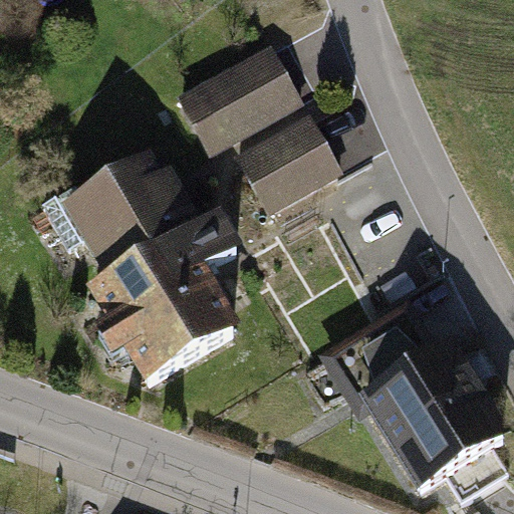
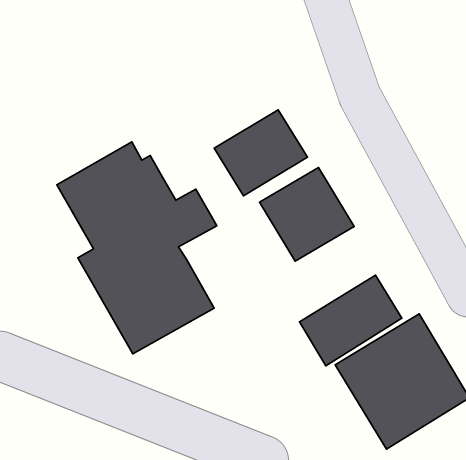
building: [173,43,304,159] -> none
building: none -> [260,168,354,261]

